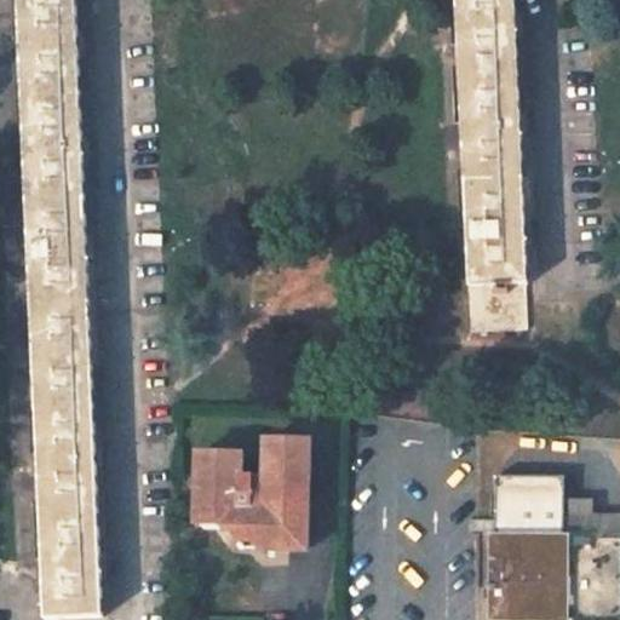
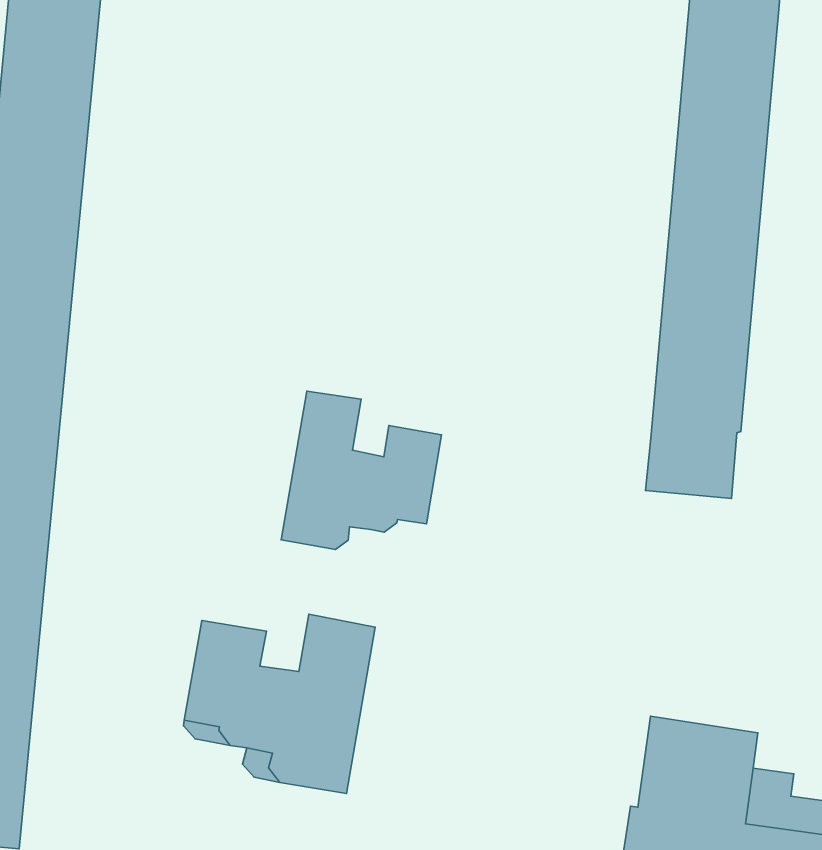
building: none -> [281,391,441,549]

